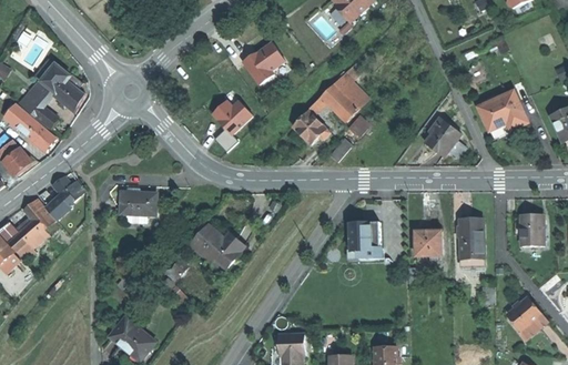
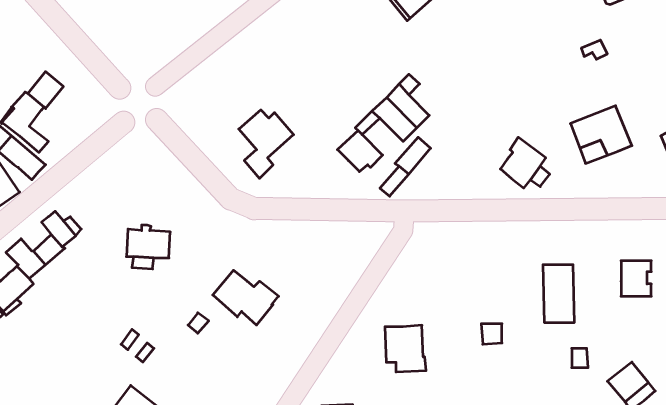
building: [242,37,290,82] -> none
building: [53,74,83,112] -> none
building: [348,221,382,258] -> [385,325,426,372]
building: [416,231,442,256] -> none

